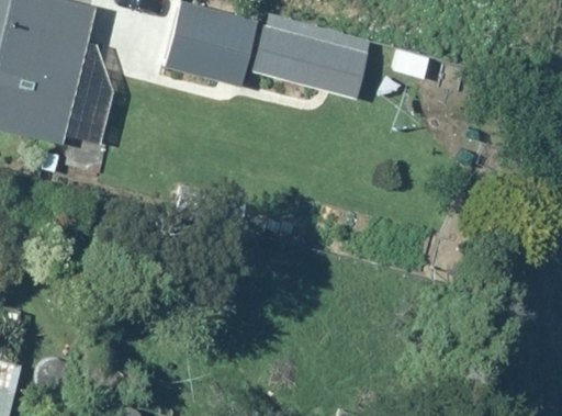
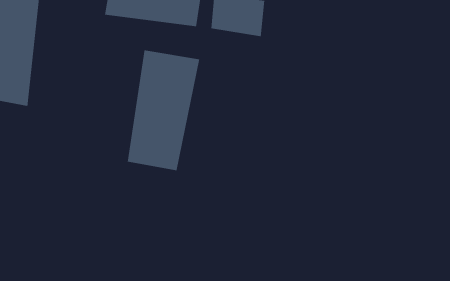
building: none -> [127,49,200,171]

